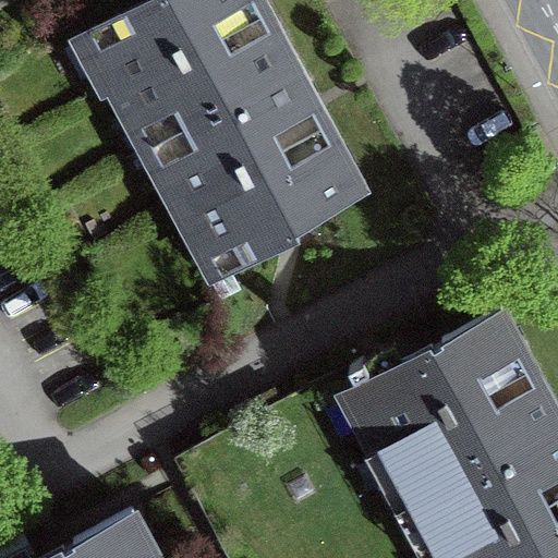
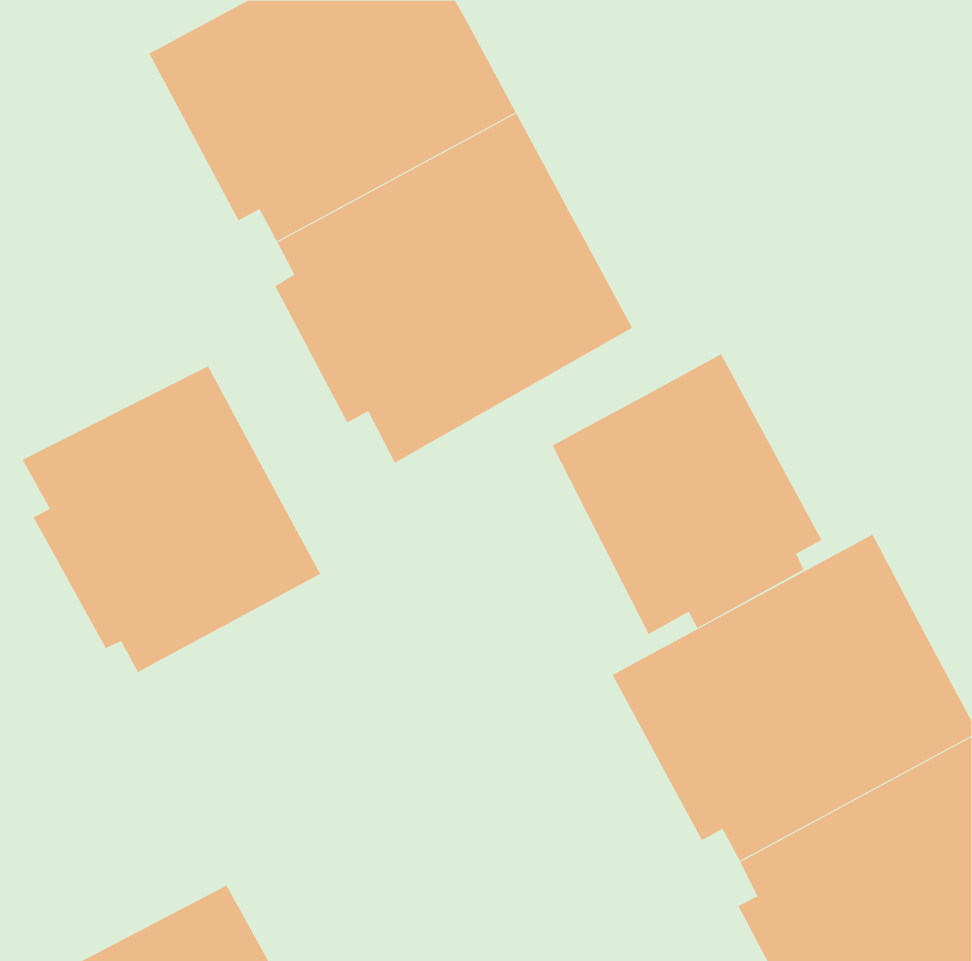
building: none -> [552,354,822,635]
building: none -> [22,365,321,673]

